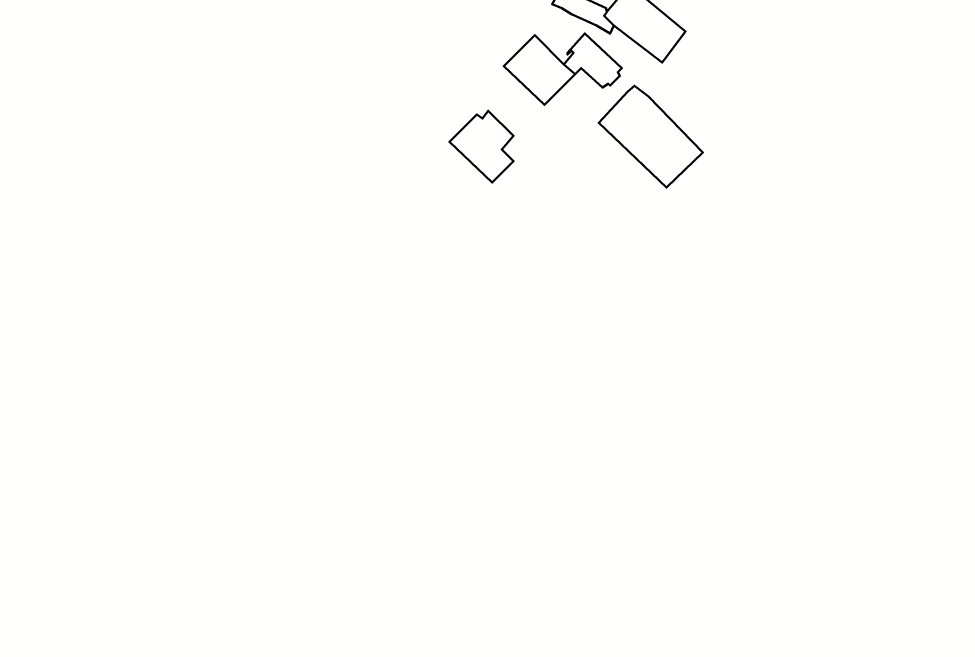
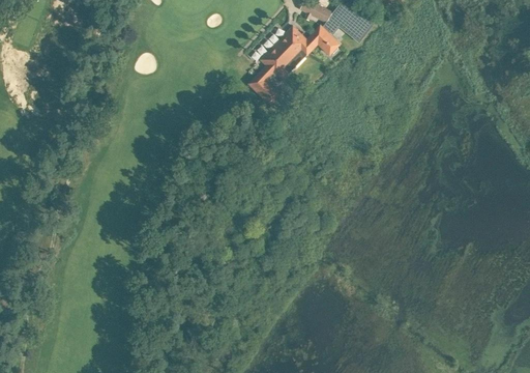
building: none -> [260,42,297,80]
building: [599,86,703,187] -> none

